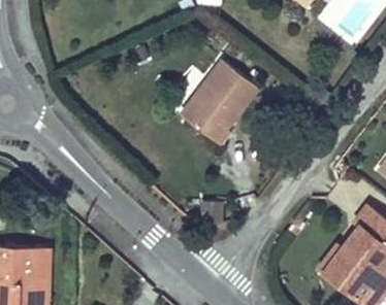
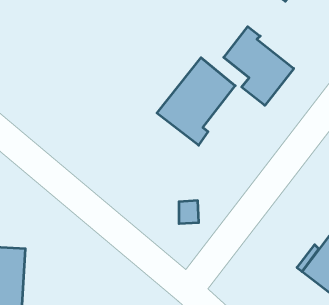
building: none -> [224,27,294,105]

